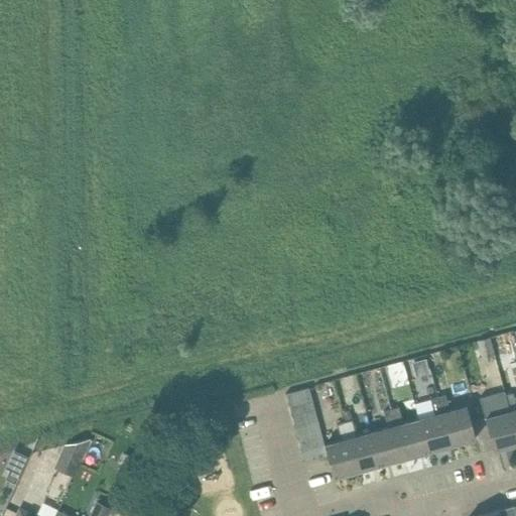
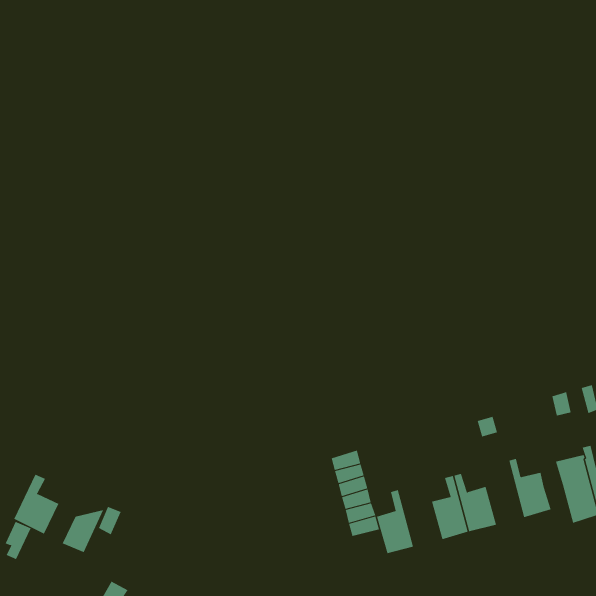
building: [420,388,453,454] -> none
building: none -> [14,474,59,535]
building: [344,415,382,473] -> none

